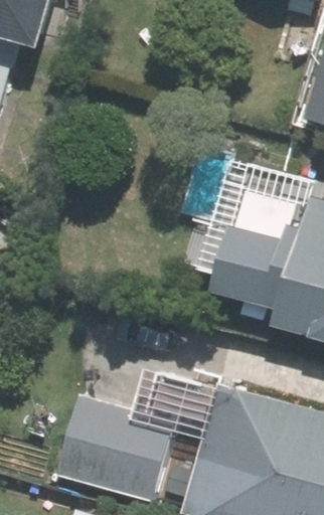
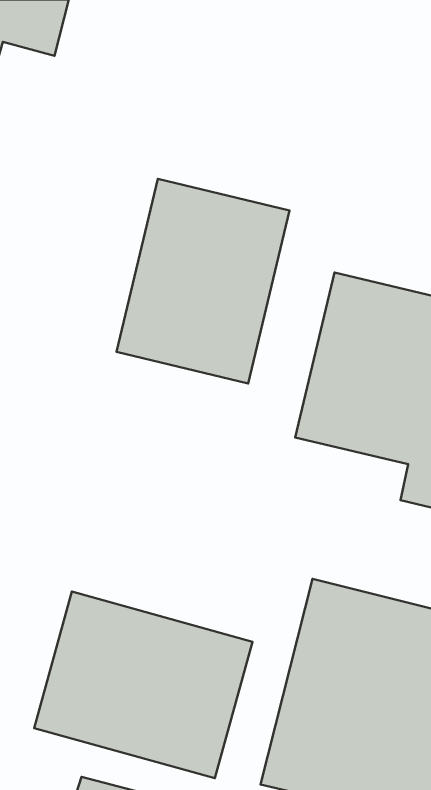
building: none -> [117,179,289,383]

